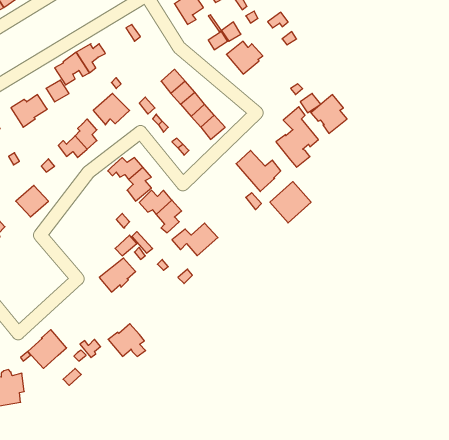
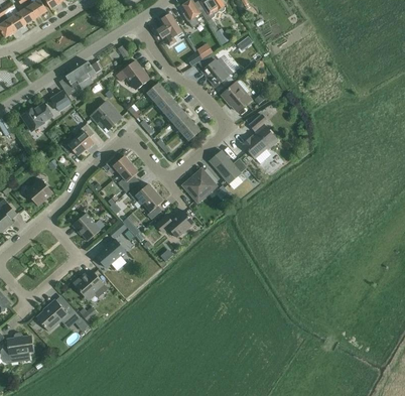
building: none -> [116,60,150,90]
building: [311,95,347,133] -> [222,80,252,112]
building: [270,182,311,223] -> [182,168,217,203]
building: none -> [73,213,105,241]
building: [108,324,146,356] -> [74,270,105,297]

